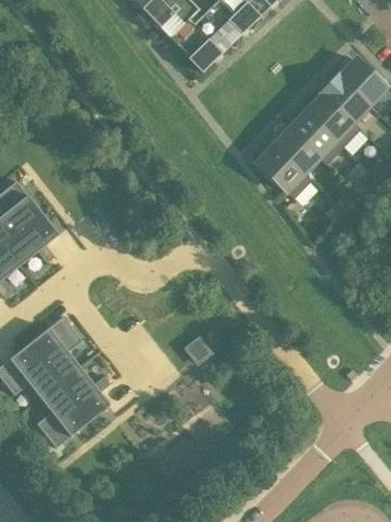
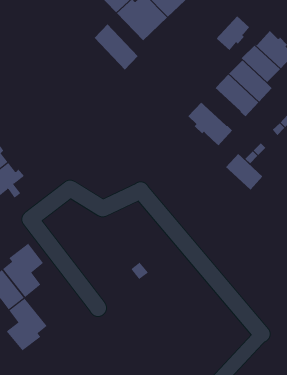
building: none -> [215,15,250,51]
building: none -> [94,24,139,70]
building: [272,126,320,172] -> [224,152,264,190]
building: [59,365,111,416] -> none

